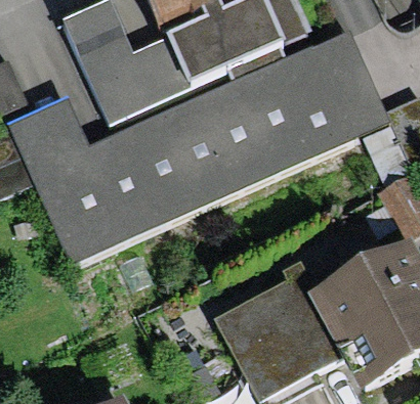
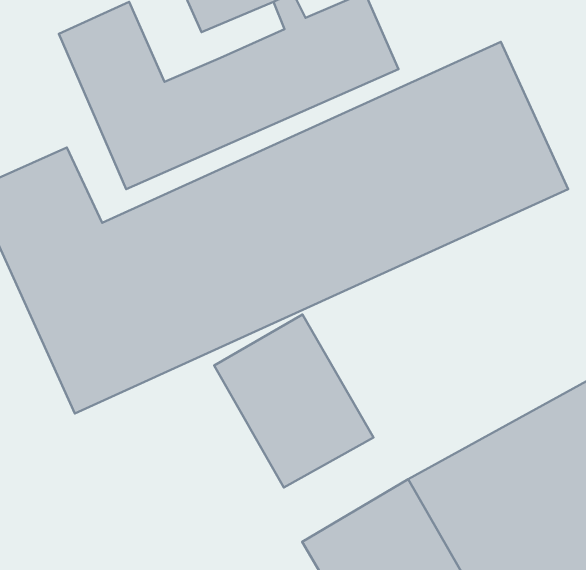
building: none -> [214,314,374,487]

